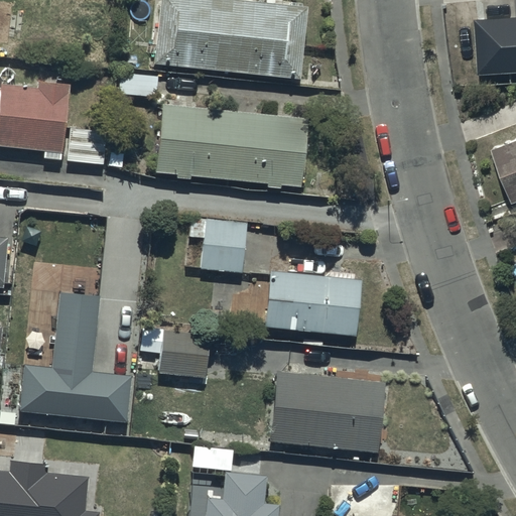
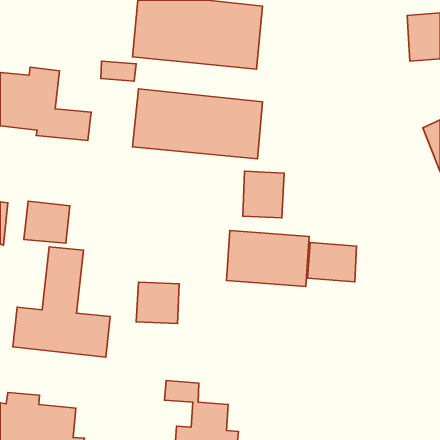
building: [200,219,248,273] -> [243,171,284,218]
building: none -> [24,201,70,243]
building: none -> [308,243,357,282]
building: [269,371,385,453] -> none

